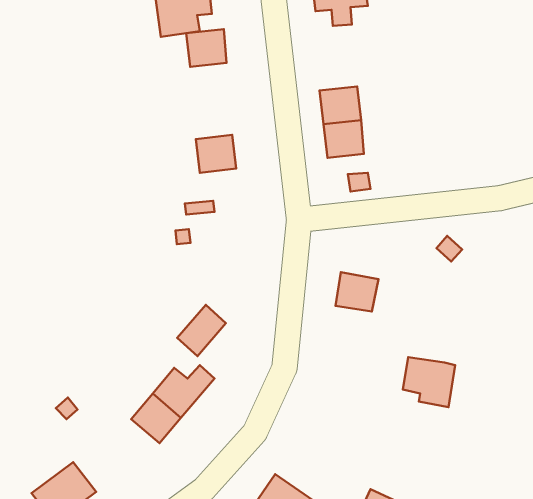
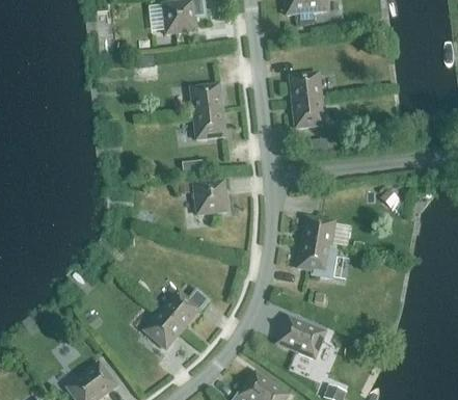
building: [186,29,226,67] -> [191,85,222,114]
building: none -> [194,182,227,215]
building: [177,305,226,356] -> none
building: [403,357,455,407] -> [298,243,339,282]
building: none -> [277,317,326,359]

